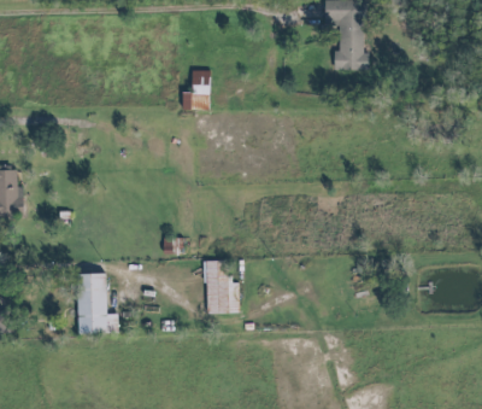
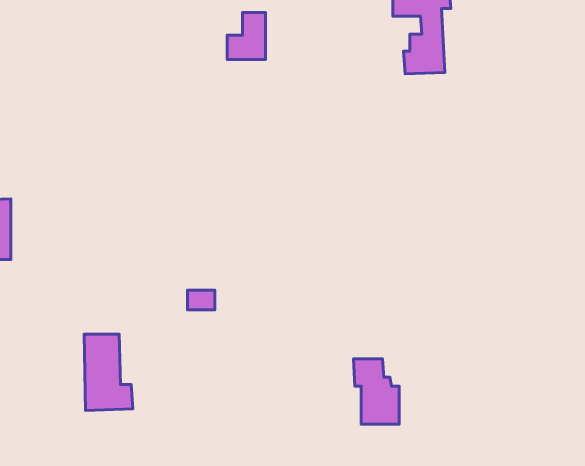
building: [180,71,210,109] -> [227,12,265,60]
building: [201,261,237,312] -> [353,359,399,424]

